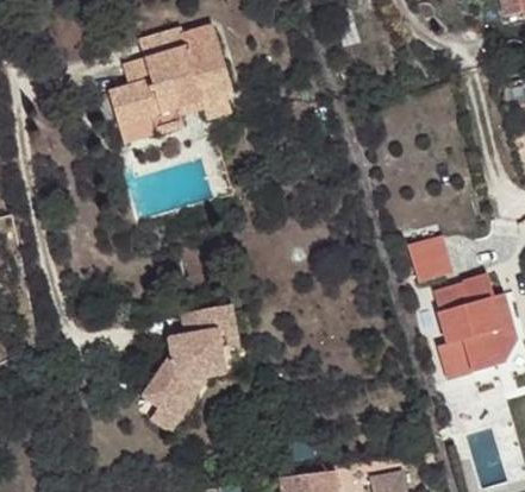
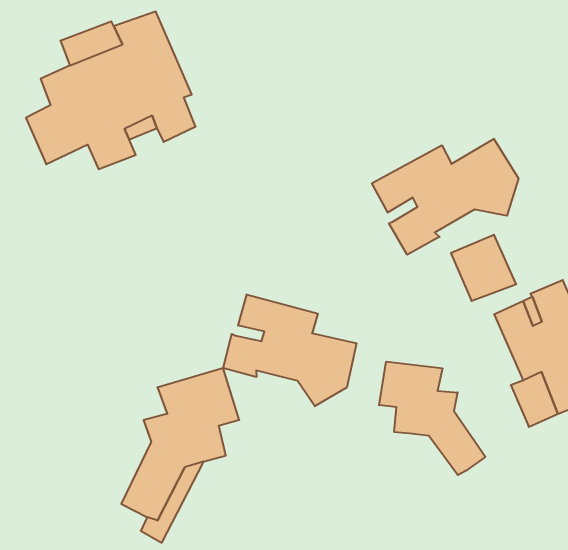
building: none -> [372,139,518,255]
building: none -> [223,294,357,406]
building: none -> [379,362,485,475]

